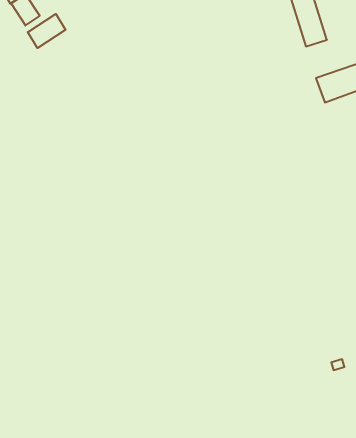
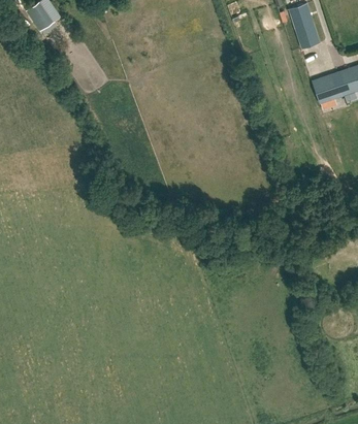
building: [28,14,66,48] -> none

